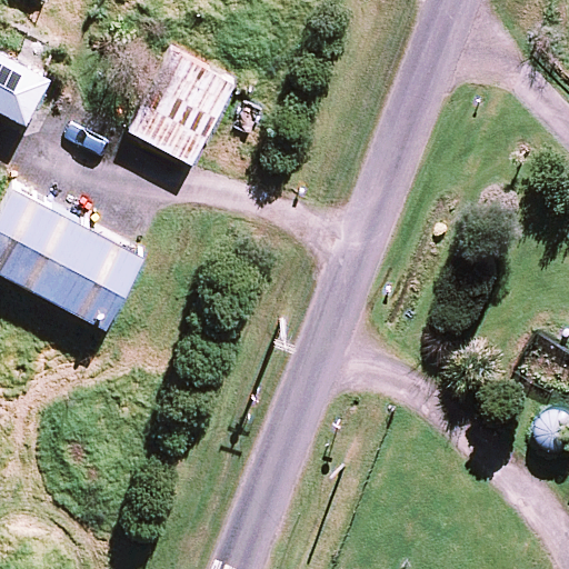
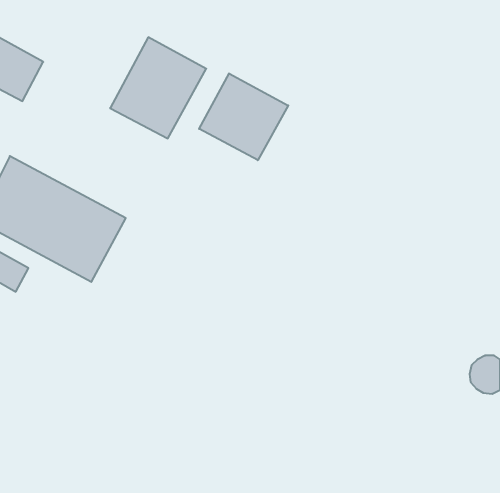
building: none -> [199,73,288,160]

